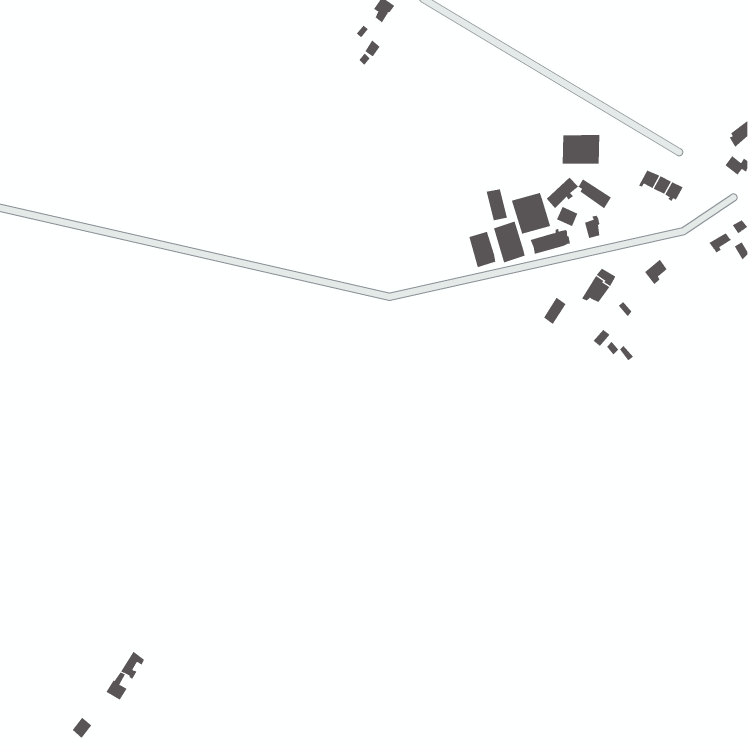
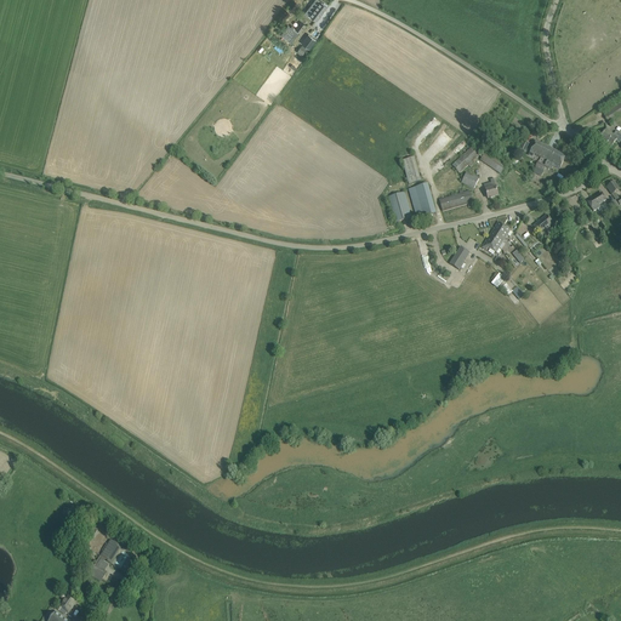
building: [562,134,600,165] -> none
building: [511,192,551,235] -> none

